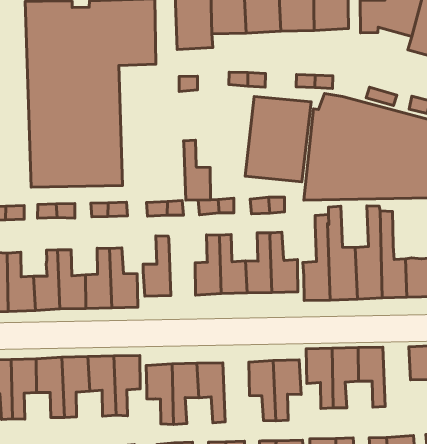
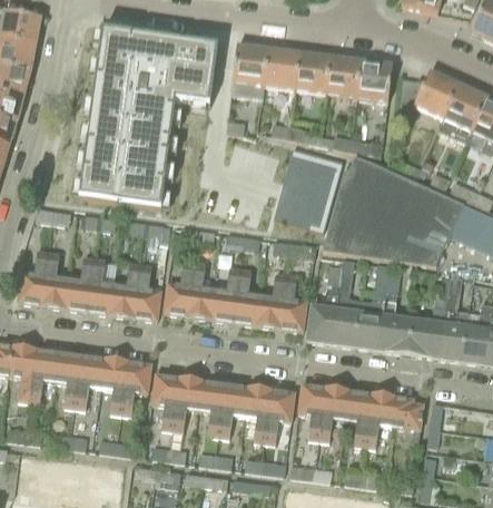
building: [183,140,211,200] -> [188,262,215,319]
building: none -> [364,393,394,448]
building: none -> [218,383,248,439]

